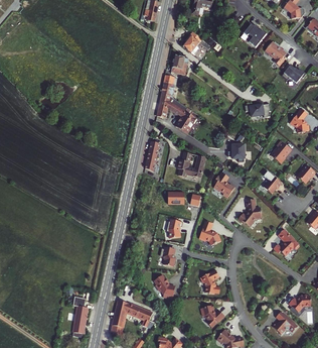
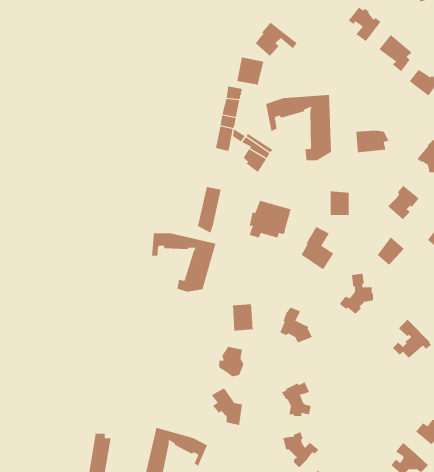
building: none -> [266,94,332,161]
building: none -> [151,232,216,292]

